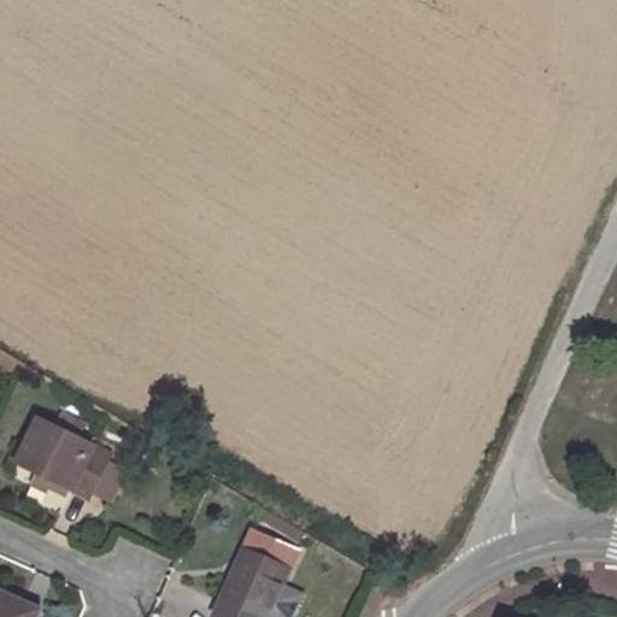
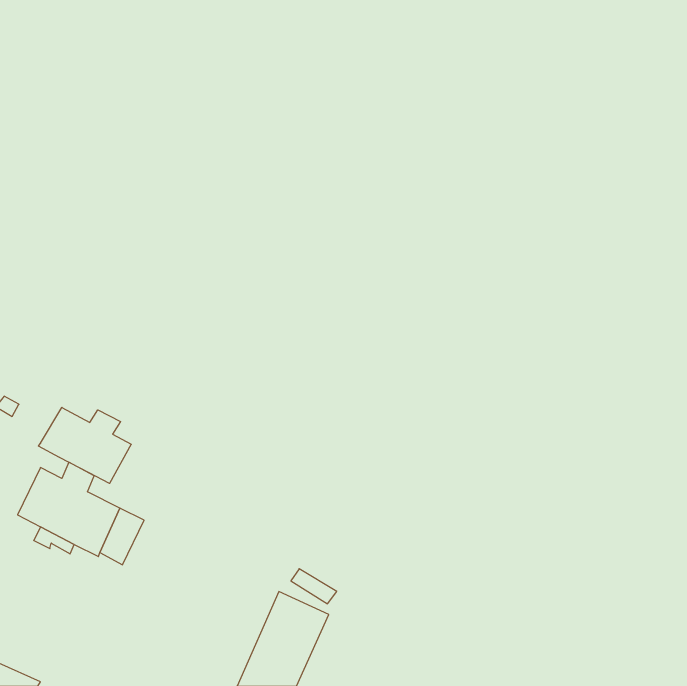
building: none -> [38,407,131,483]

